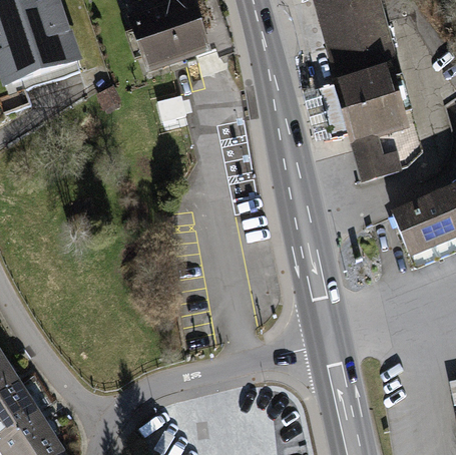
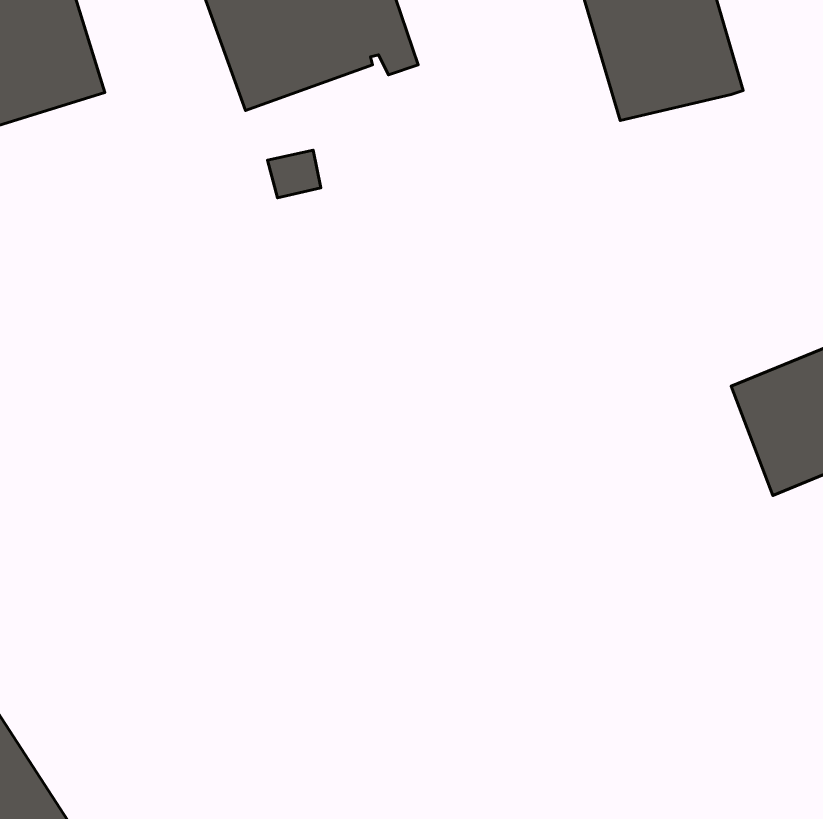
building: [332,62,423,180] -> none

